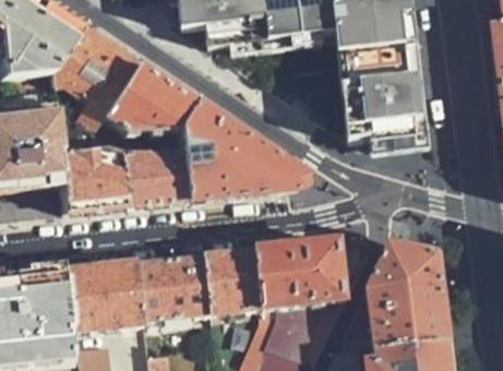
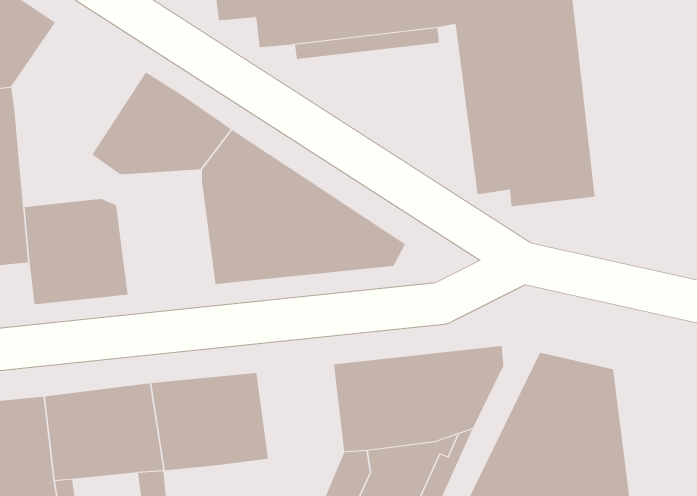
building: [50,25,136,128] -> none
building: [117,132,181,205] -> none
building: [208,250,264,311] -> none

